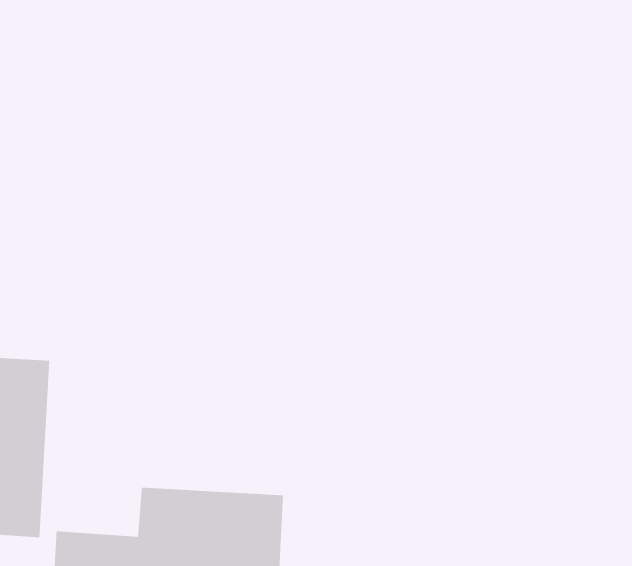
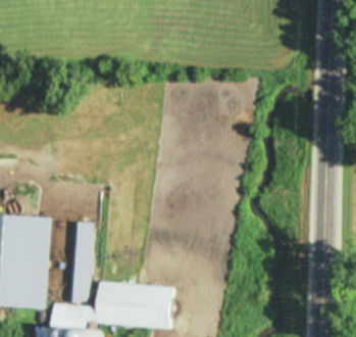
building: none -> [67,223,92,304]

